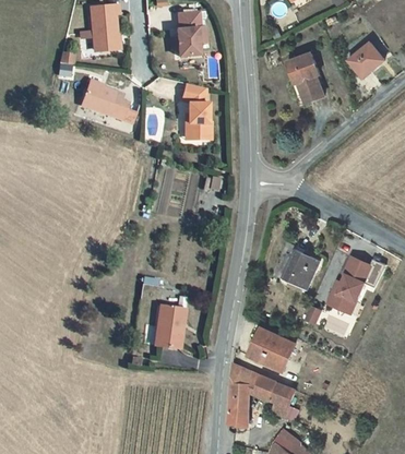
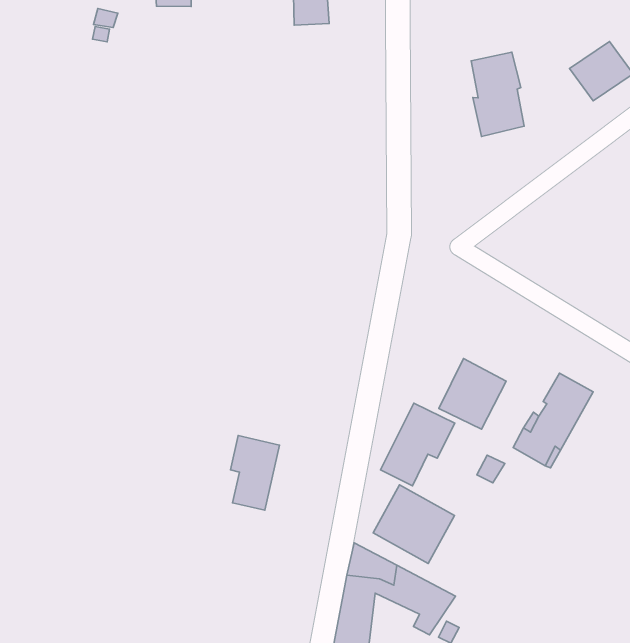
building: [81,81,128,118] -> none
building: [182,82,212,140] -> none
building: none -> [381,403,455,486]

